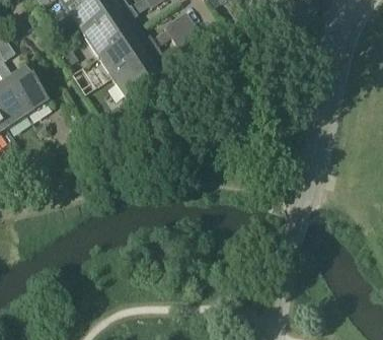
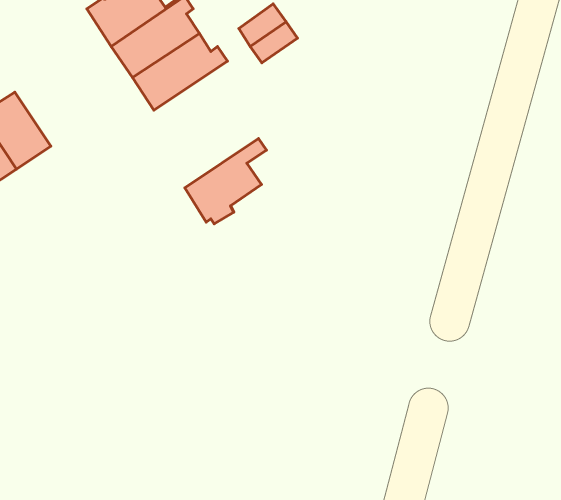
building: [110,46,161,98] -> [185,139,267,224]

